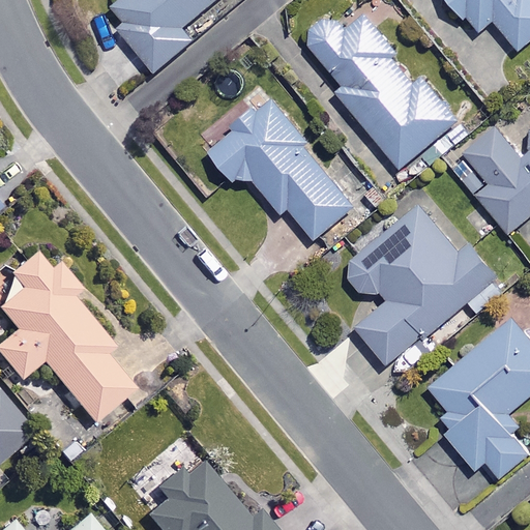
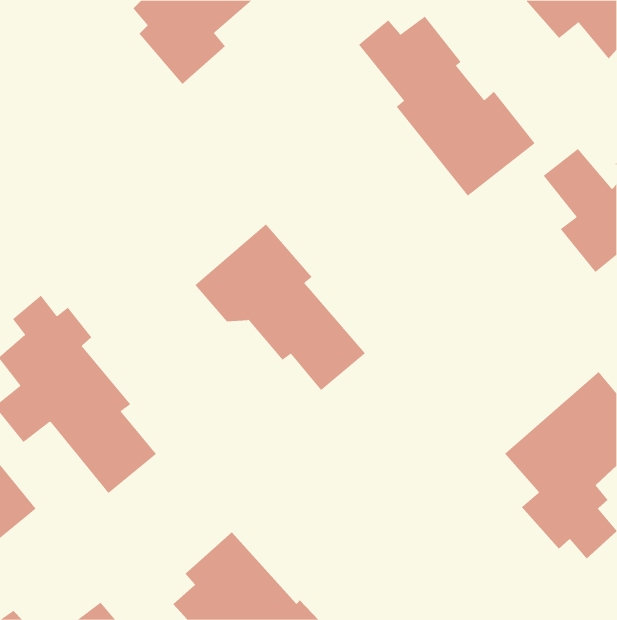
building: [207,96,353,239] -> [195,223,366,391]
building: [342,196,506,367] -> none

